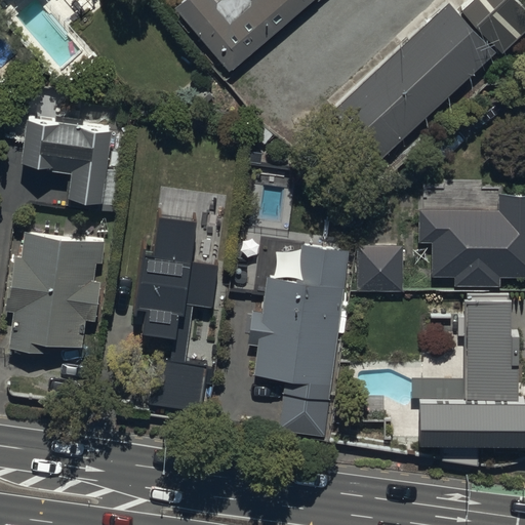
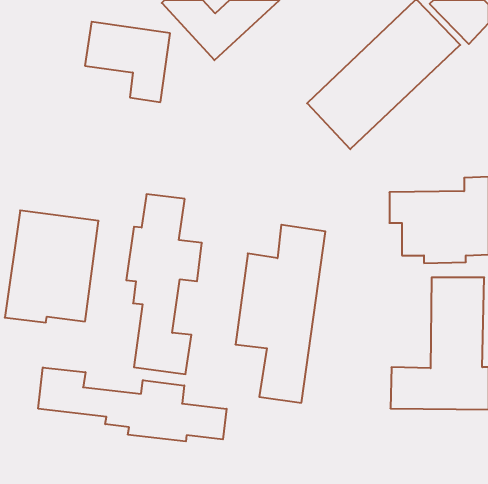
building: [19,116,111,202] -> [85,22,170,102]
building: [358,247,404,292] -> none
building: none -> [38,367,227,441]

